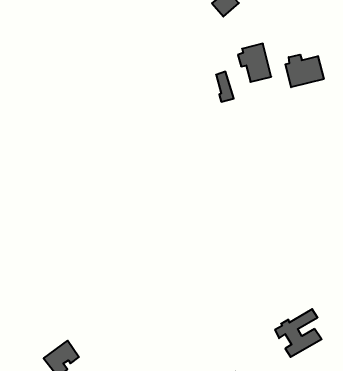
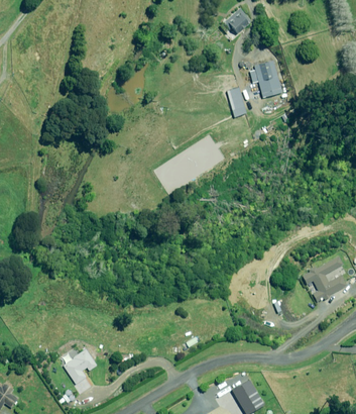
building: [285,55,324,87] -> none
building: [275,309,322,357] -> [302,255,347,302]

